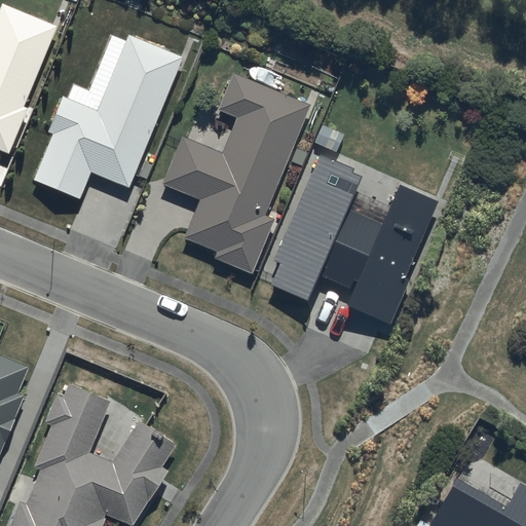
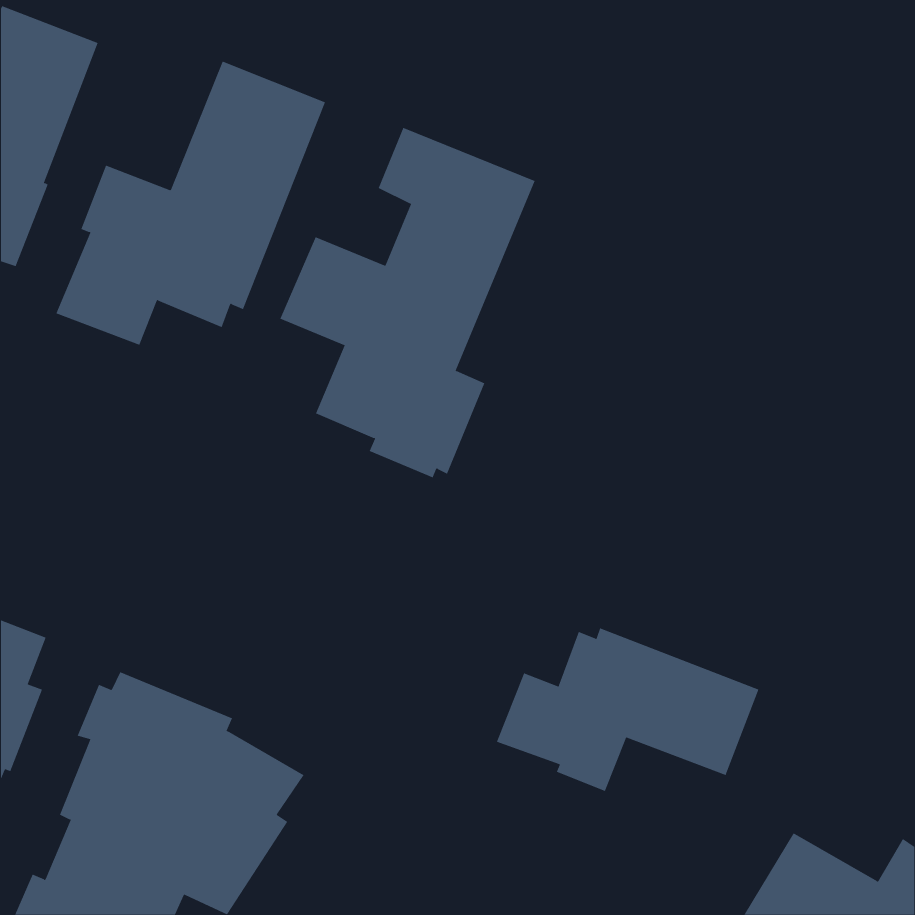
building: [267,153,437,325] -> none
building: none -> [496,628,759,792]

